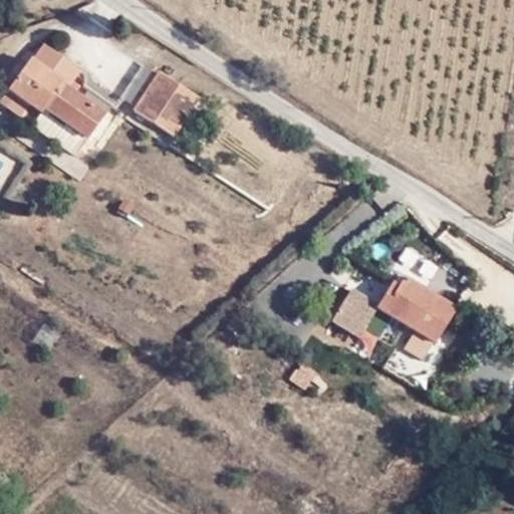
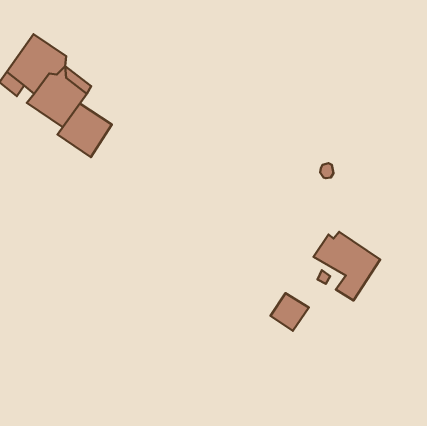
building: [135,72,200,137] -> [57,103,112,157]
building: [330,291,376,336] -> [270,293,309,331]

